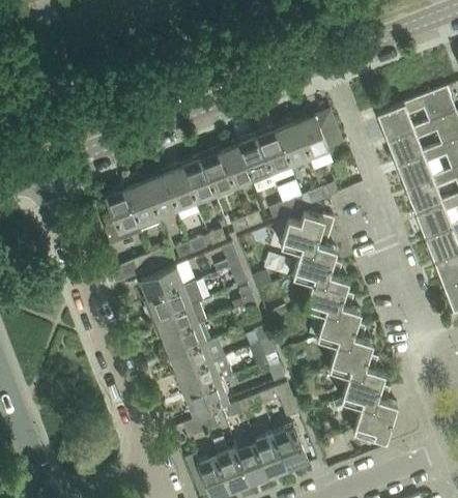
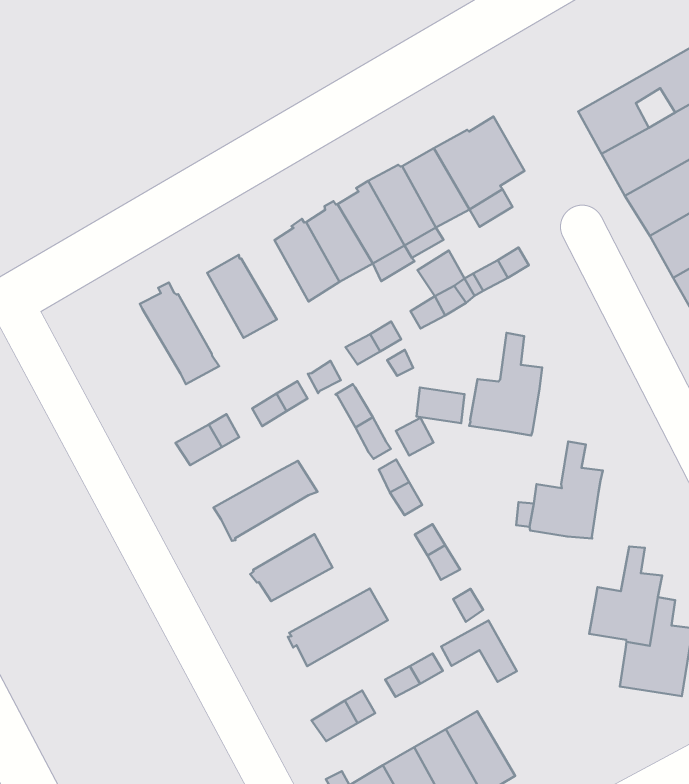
building: [181,157,214,203] -> none
building: [144,172,176,217] -> none
building: [104,186,142,245] -> none
building: [281,213,334,255] -> none
building: [305,262,349,318] -> none
building: [139,266,184,300] -> none
building: [153,301,206,339] -> none
building: [330,323,373,379] -> none
building: [169,343,213,375] -> none
building: [182,380,229,413] -> none
building: [274,424,309,471] -> none

